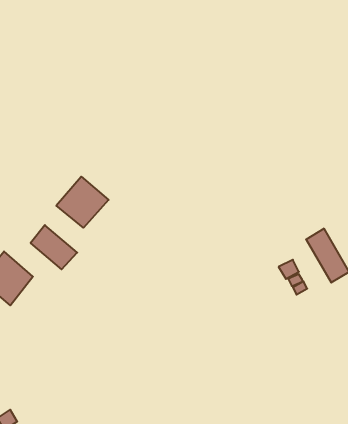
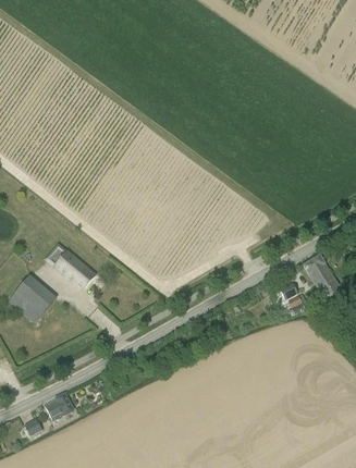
building: [56,177,109,228] -> none
building: none -> [44,393,73,420]

